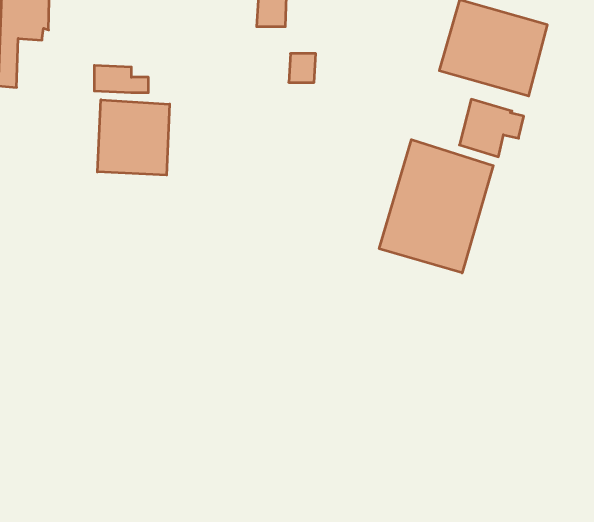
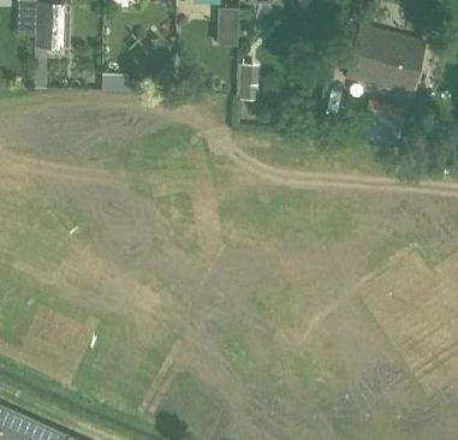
building: [97,100,170,175] -> none
building: [379,140,493,273] -> none

